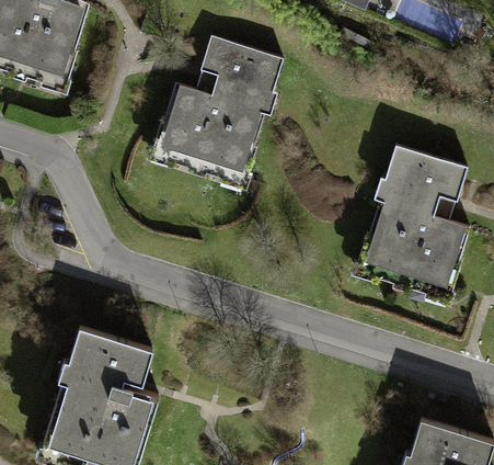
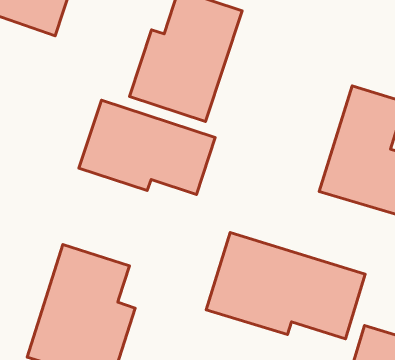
building: none -> [79,100,215,195]
building: none -> [206,232,365,339]

